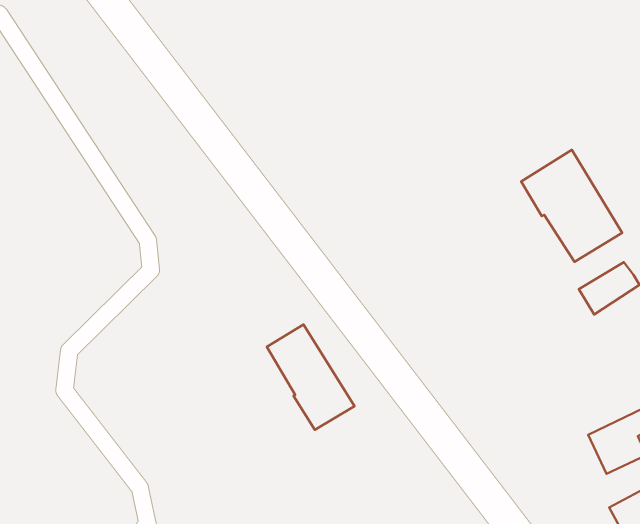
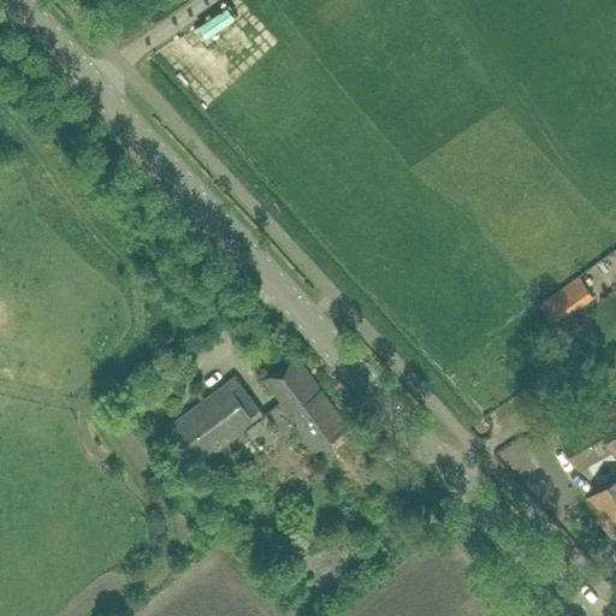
building: [521,150,622,262] -> none
building: none -> [171,381,257,486]

